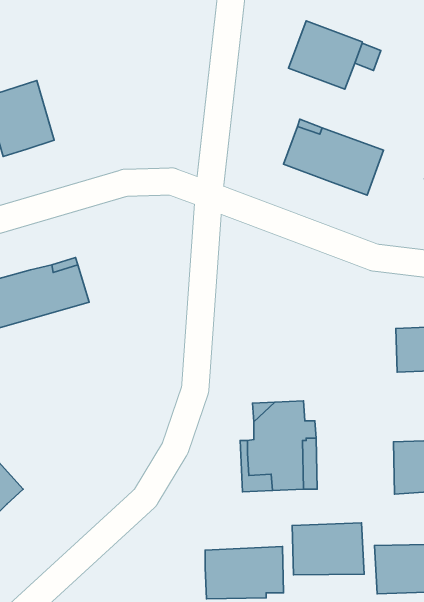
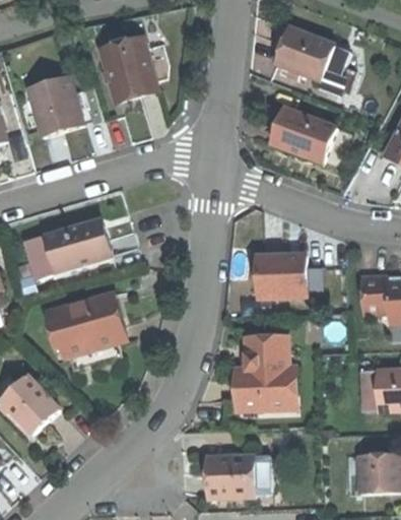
building: none -> [102,39,160,102]
building: none -> [256,254,325,297]
building: none -> [46,294,122,369]
building: [292,523,364,575] -> none

